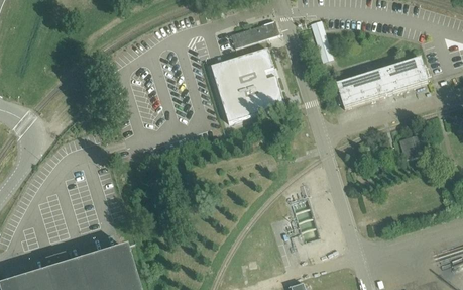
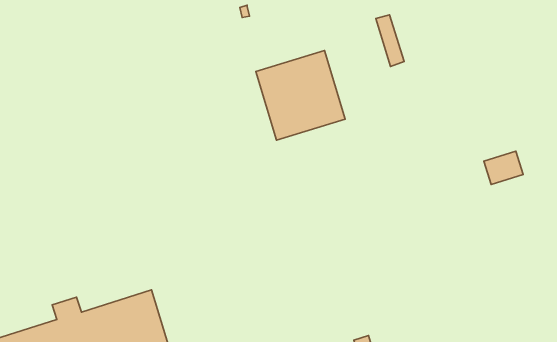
building: [232,19,280,46] -> none
building: [337,57,429,106] -> none

